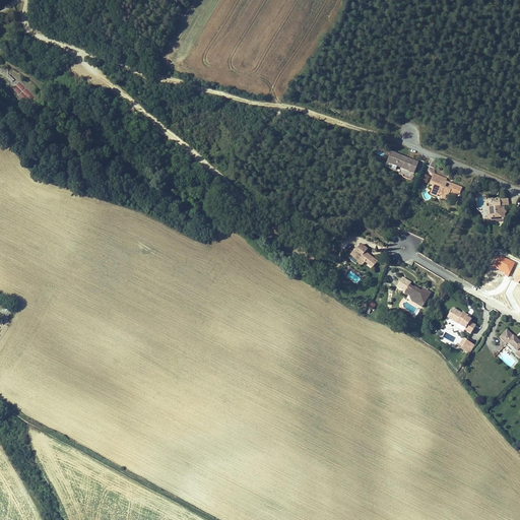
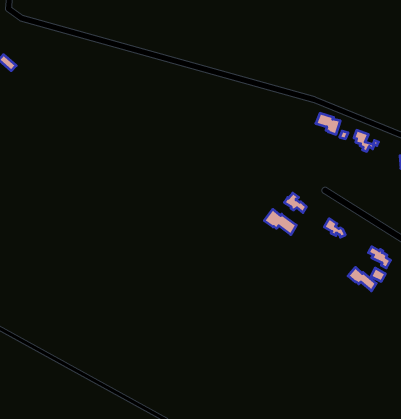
building: none -> [264,209,296,235]
building: none -> [348,267,376,291]

